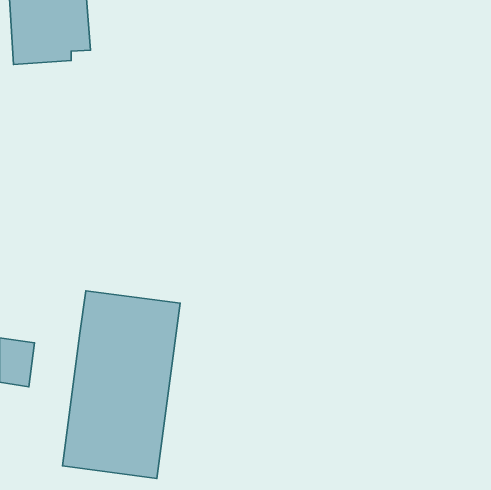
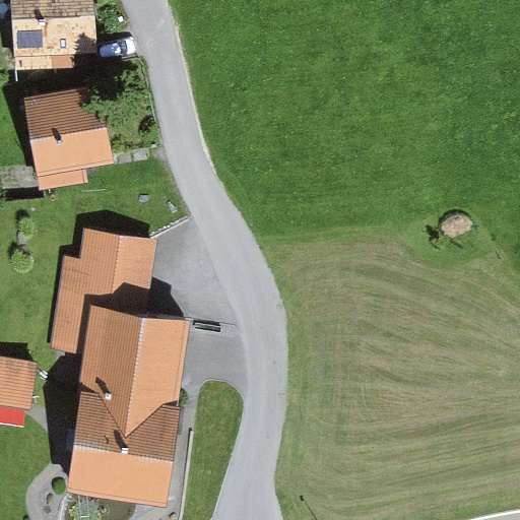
building: none -> [23,83,110,188]
building: none -> [50,230,155,351]

